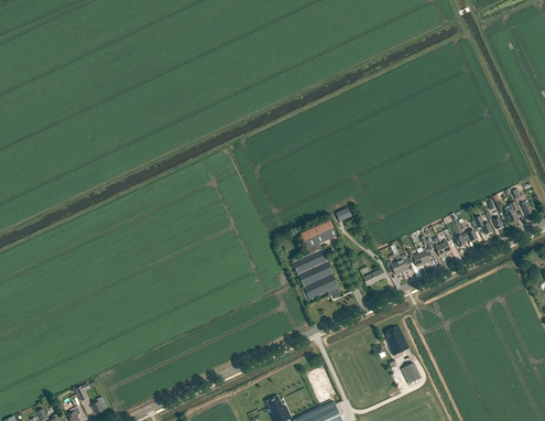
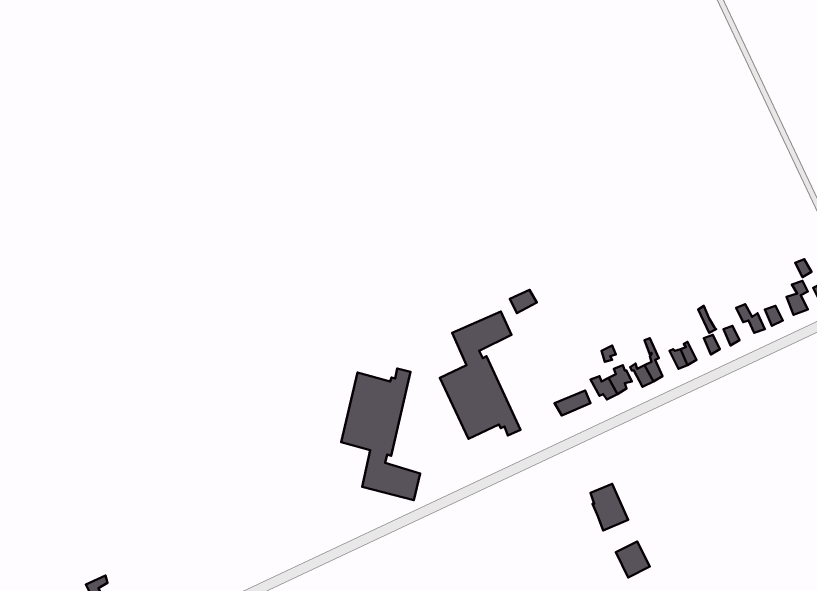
building: none -> [341,369,420,500]

